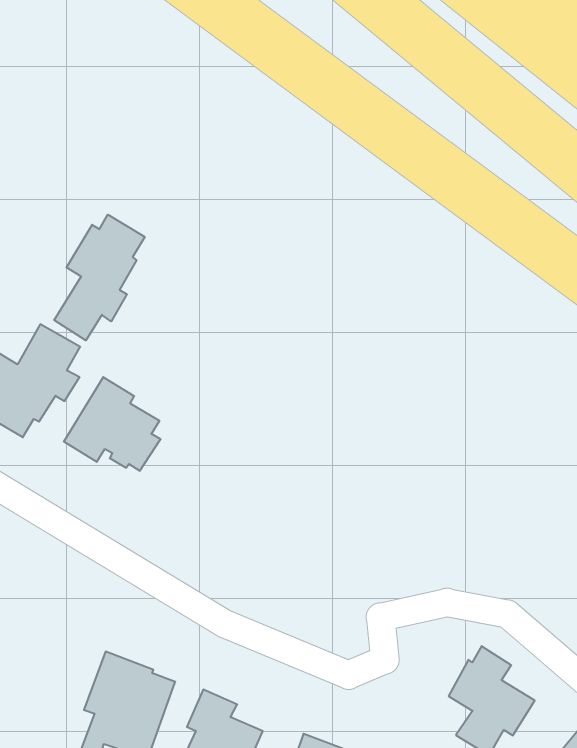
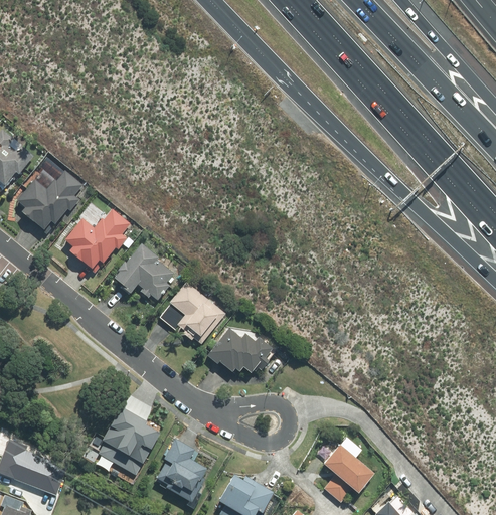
building: [54,215,145,340] -> none
building: none -> [159,282,226,345]
building: none -> [206,329,274,373]

